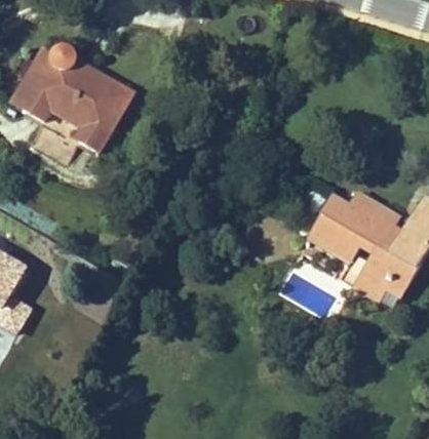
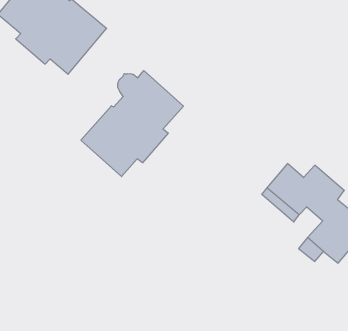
building: none -> [81,71,183,177]

